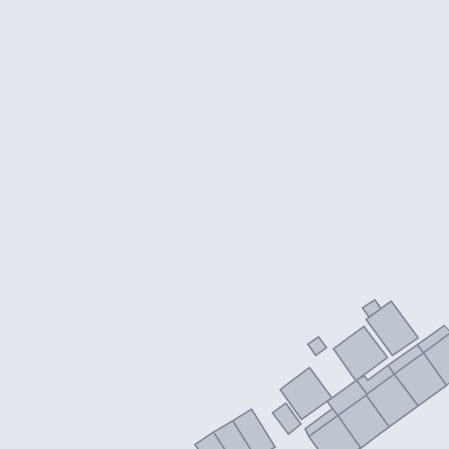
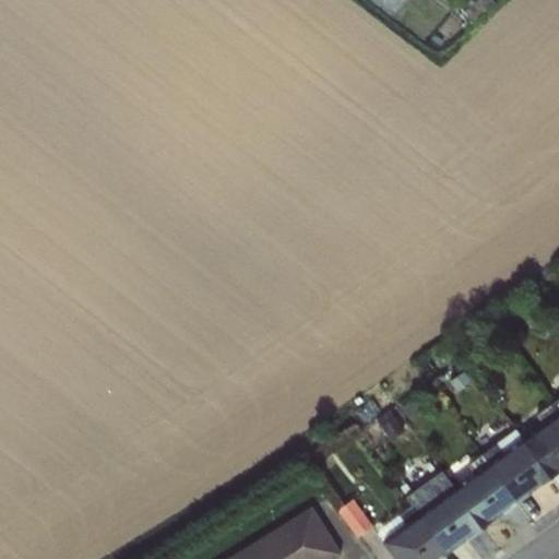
building: [366,301,418,356] -> none
building: [333,326,387,381] -> none
building: [280,368,332,420] -> none

